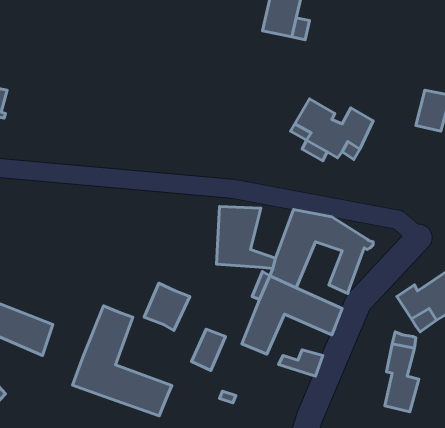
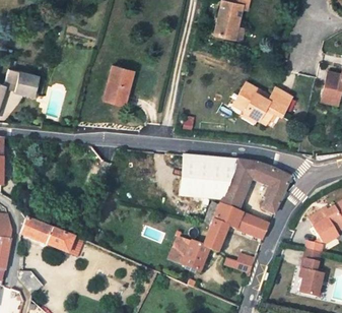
building: none -> [106,64,134,103]
building: none -> [207,155,236,190]
building: [144,283,190,331] -> [180,244,211,276]
building: [72,306,172,416] -> none

